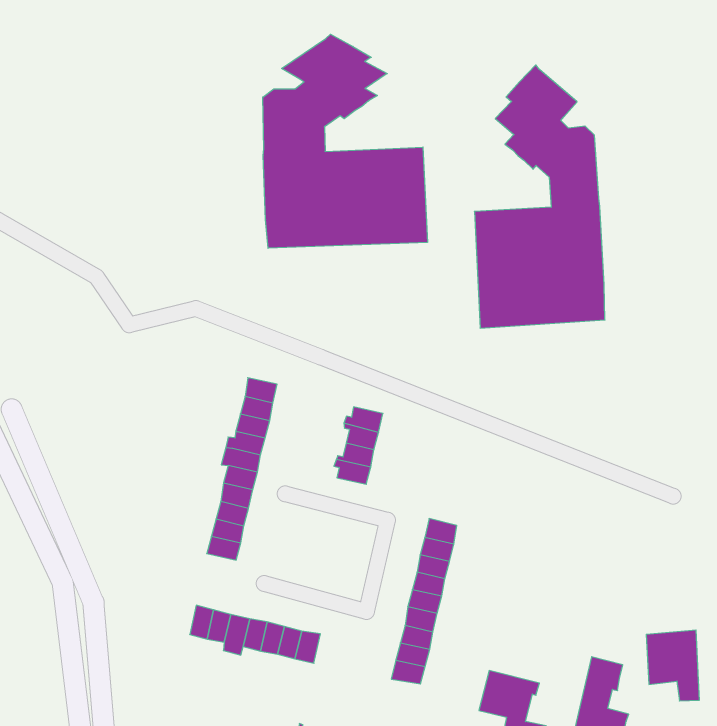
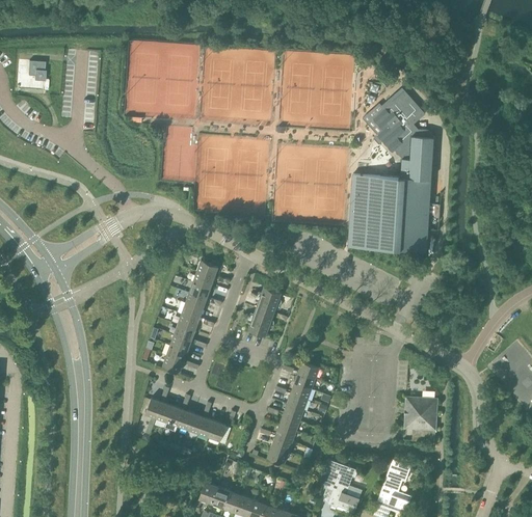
building: [263,34,427,248] -> none
building: [646,630,699,701] -> [404,398,437,442]

